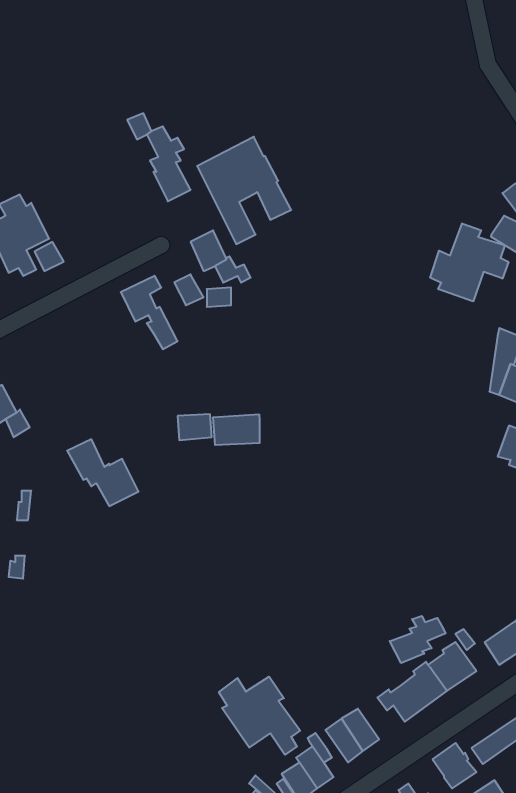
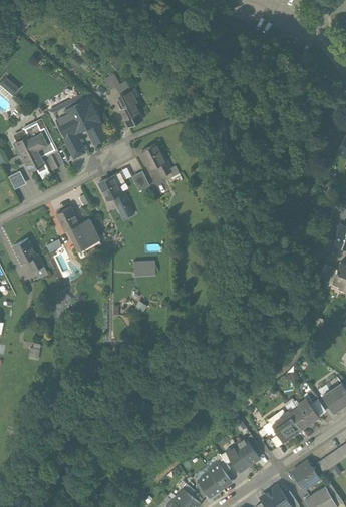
building: [197,137,291,244] -> [49,93,107,159]
building: [430,223,508,301] -> none
building: [213,414,260,445] -> none
building: [67,439,139,506] -> [56,207,100,248]
building: [390,616,445,663] -> none
building: [219,677,300,755] -> none

